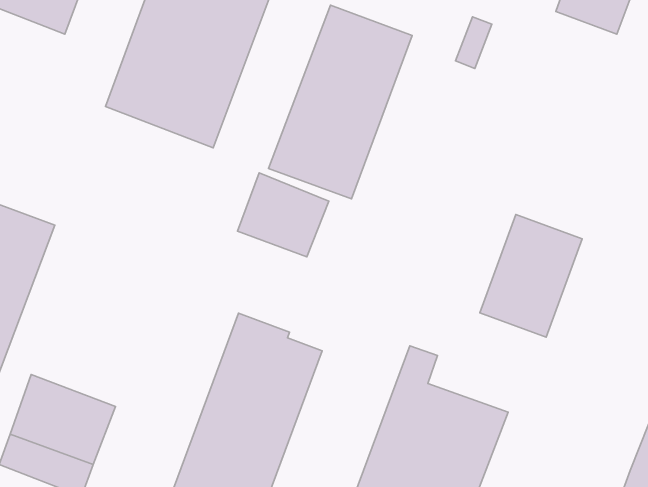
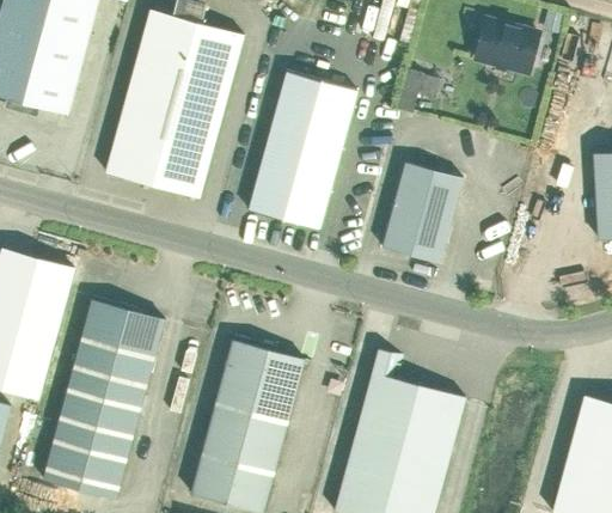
building: [238,173,329,257] -> none
building: [480,214,582,337] -> [382,161,463,262]
building: none -> [65,295,165,421]

